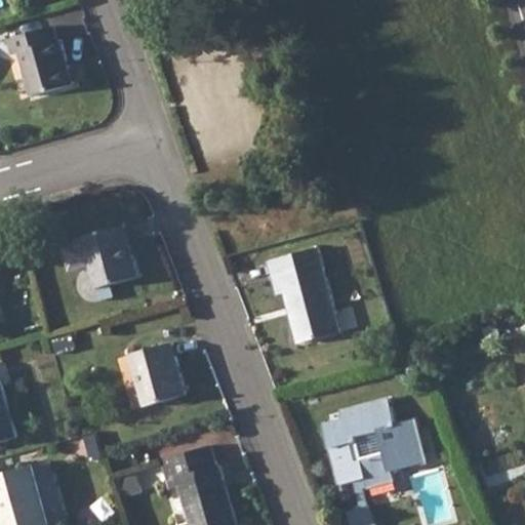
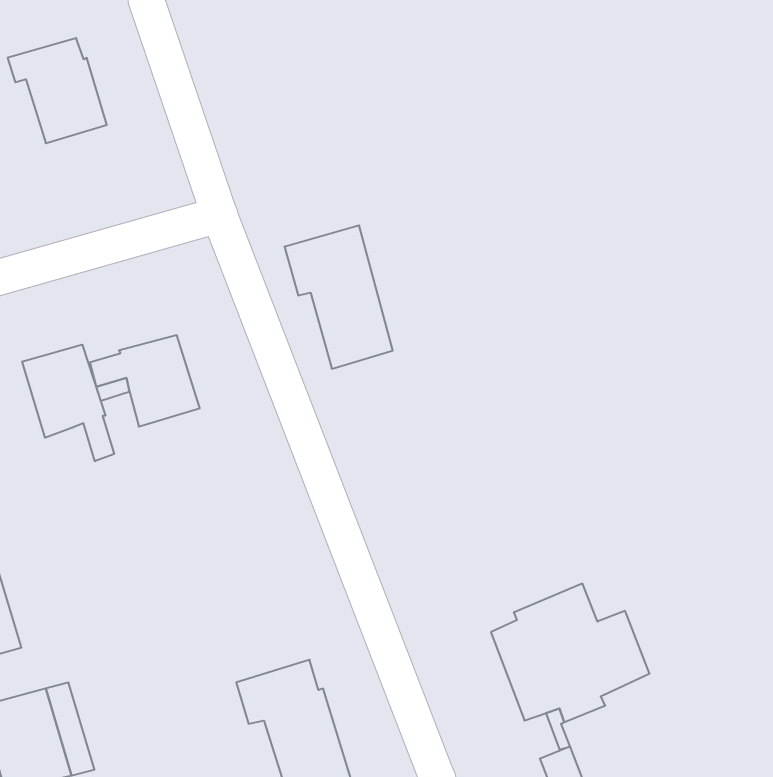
building: none -> [22,345,114,461]
building: [266,247,338,344] -> [284,225,393,369]
building: [126,342,184,406] -> none

